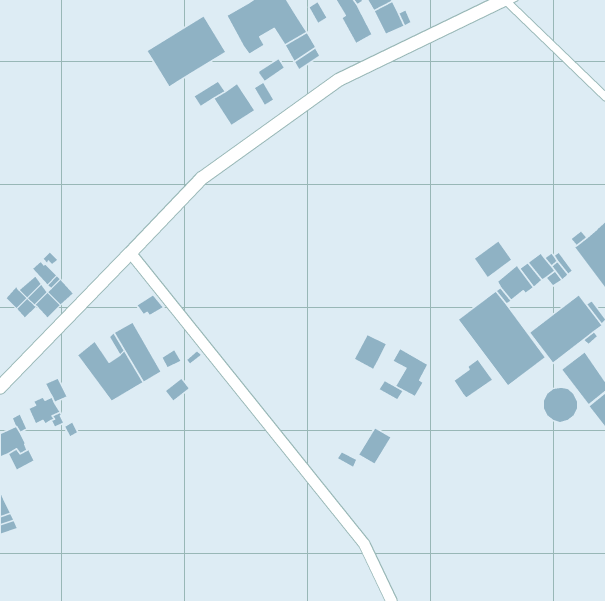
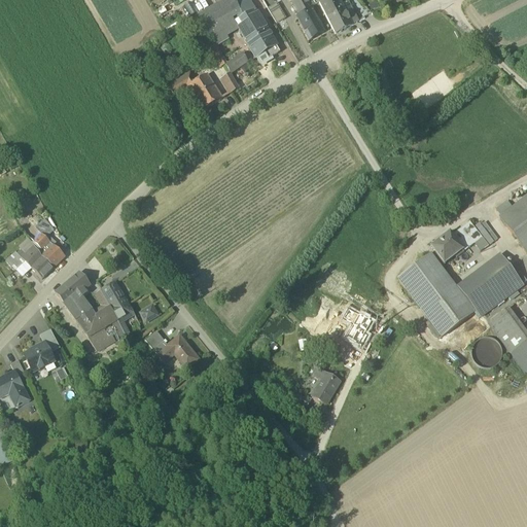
building: [147,15,226,88] -> none
building: [474,241,512,278] -> none
building: none -> [57,270,92,308]
building: [354,334,387,370] -> none
building: [454,359,493,398] -> none
building: none -> [159,335,200,367]

